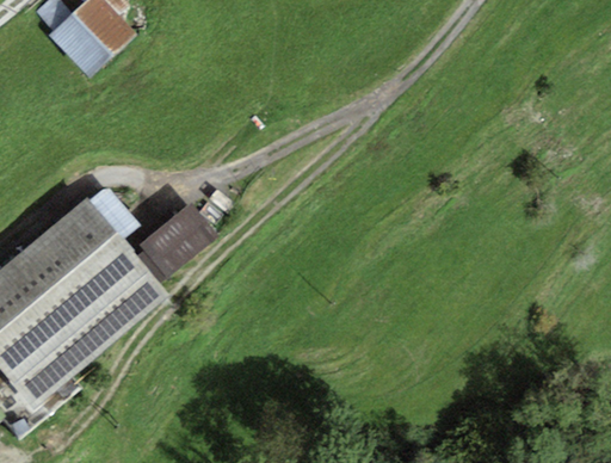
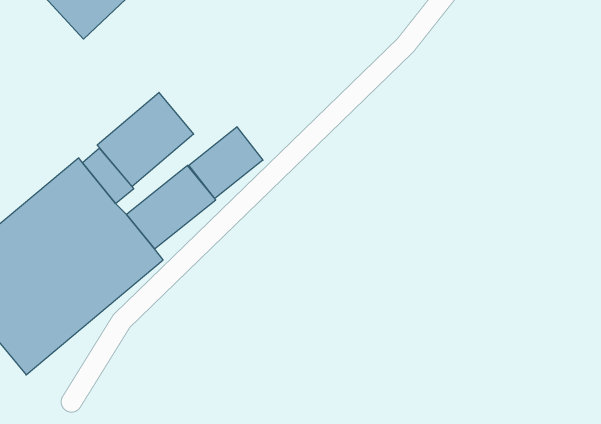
building: none -> [97,92,194,187]
building: none -> [189,127,263,199]

